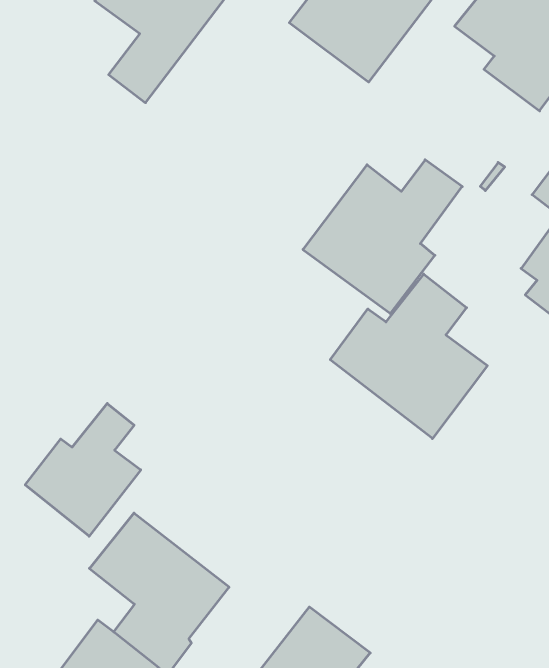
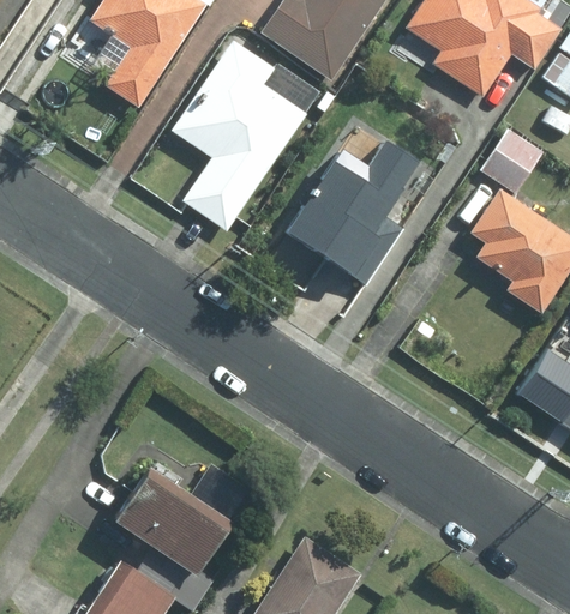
building: none -> [174,43,305,229]
building: [330,274,487,439] -> none
building: [25,403,141,536] -> none

